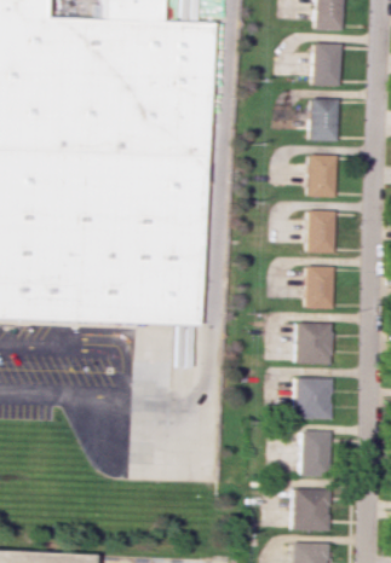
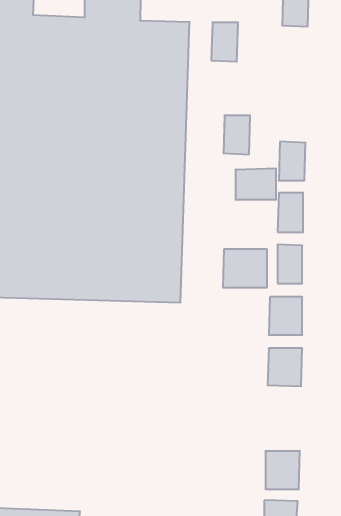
building: [311,43,340,86] -> [211,22,238,62]
building: [310,99,339,141] -> [223,115,250,154]
building: none -> [236,168,276,200]
building: none -> [223,249,267,288]
building: [301,430,333,477] -> none

